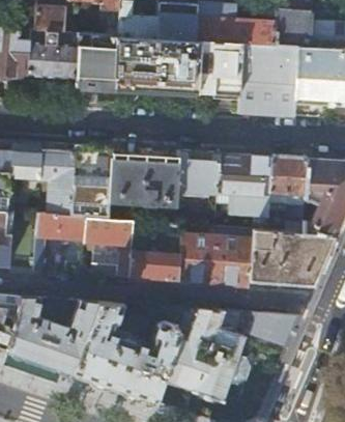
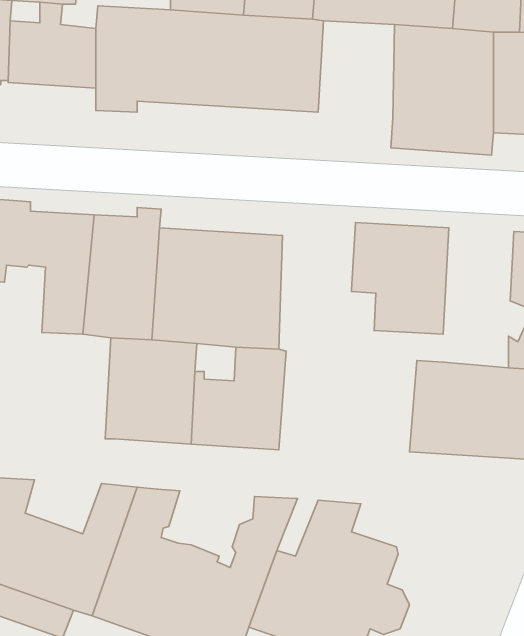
building: [199,41,241,95] -> none
building: [178,150,220,191] -> none
building: [268,157,308,234] -> none
building: [33,214,84,274] -> none
building: [177,225,254,285] -> none
building: [246,312,301,347] -> none

